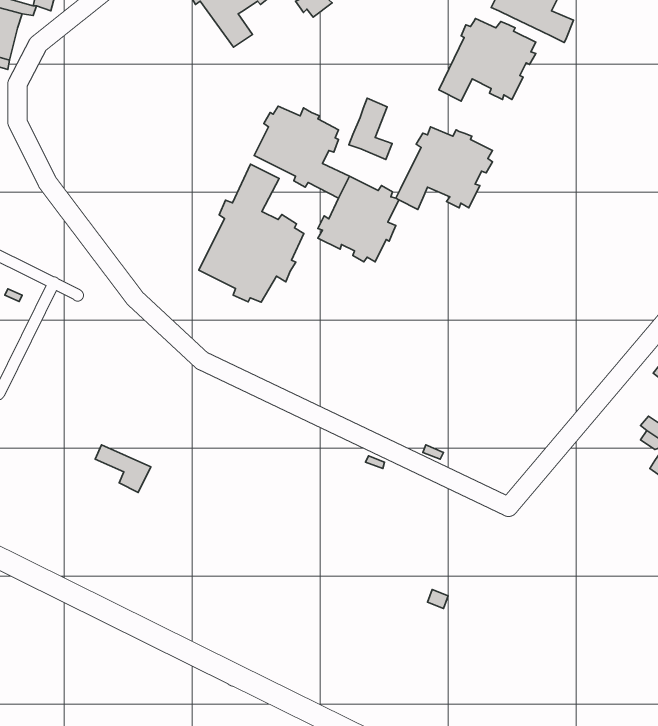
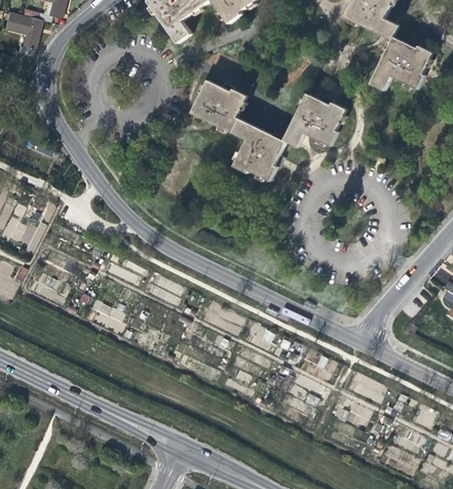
building: [439,18,536,101] -> [369,37,431,90]
building: [349,98,392,159] -> none
building: [199,164,304,302] -> none

